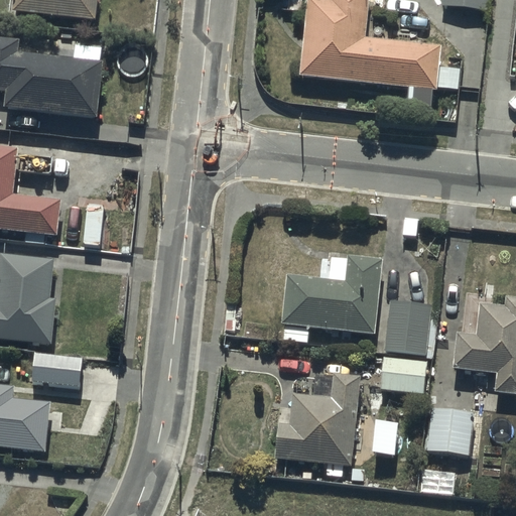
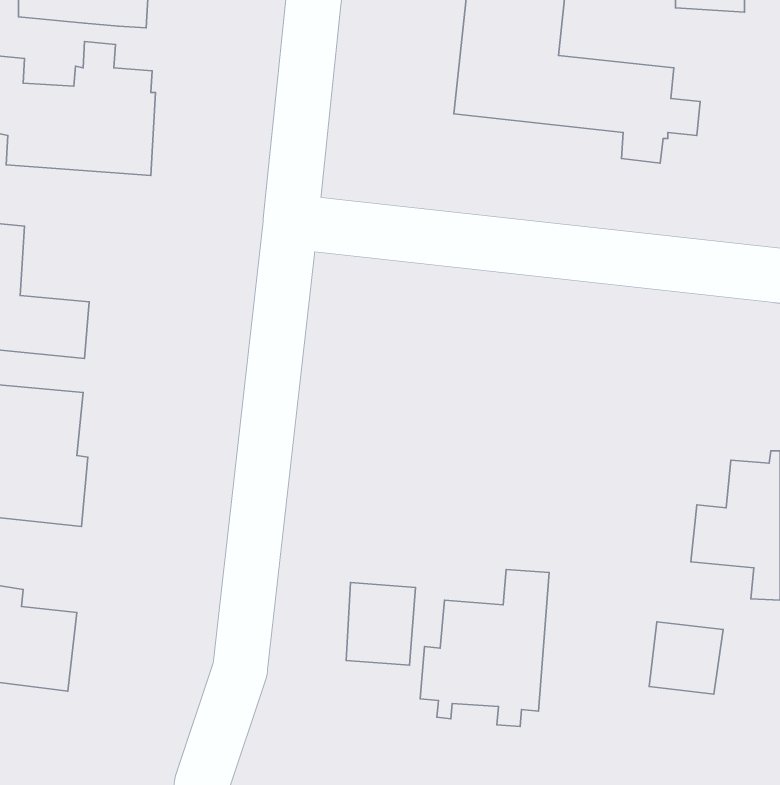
building: [281,255,384,343] -> none
building: [383,300,432,356] -> none
building: [31,353,82,388] -> none
building: [379,358,426,394] -> none
building: none -> [346,582,415,665]

